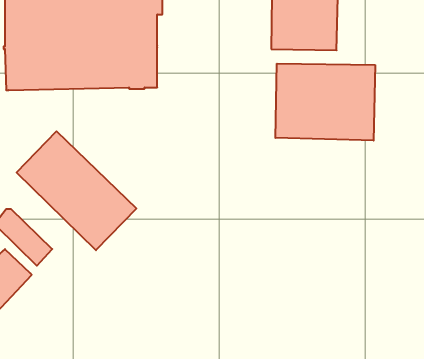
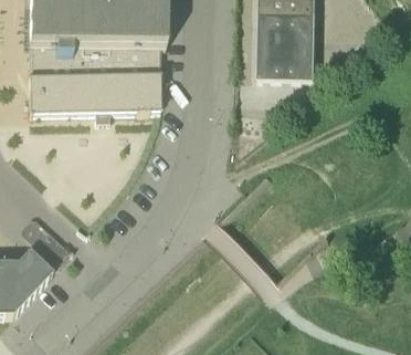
building: [275,64,375,141] -> none
building: [17,131,136,250] -> none

